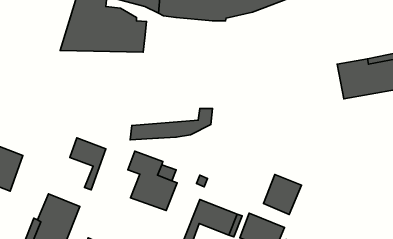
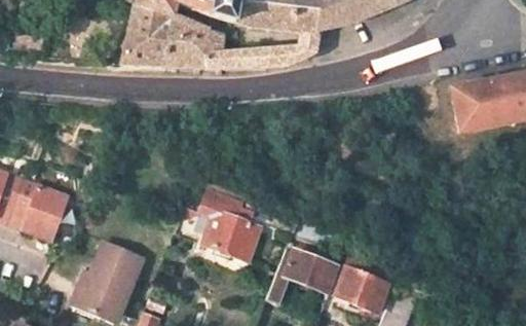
building: [130,108,212,140] -> [218,31,317,69]
building: [70,138,106,190] -> none
building: [263,174,301,214] -> none

